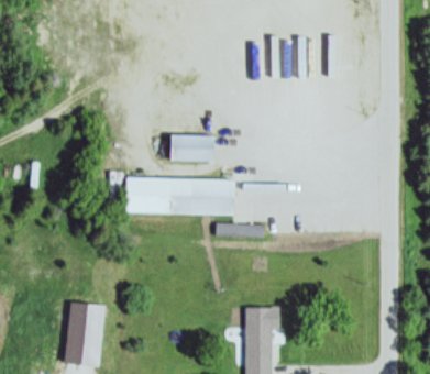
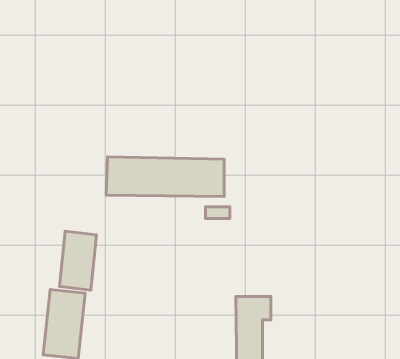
building: [169,134,214,161] -> none
building: none -> [59,231,97,290]

